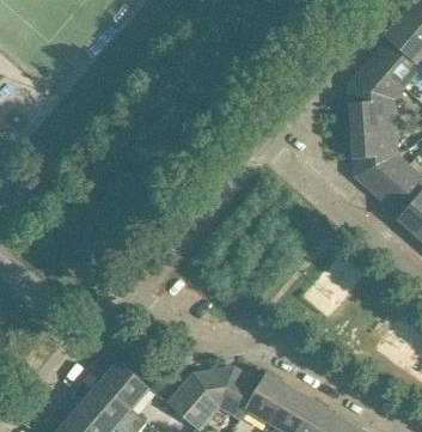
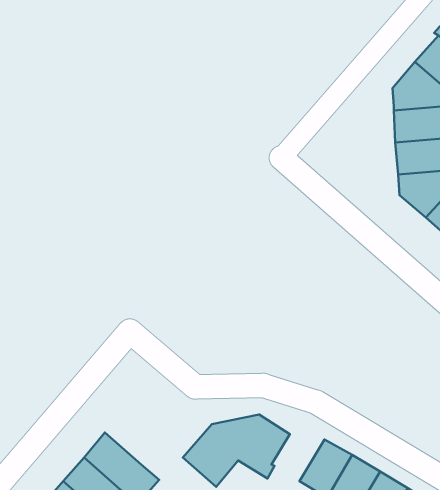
building: [100,360,149,408] -> none
building: [244,372,289,422] -> none

